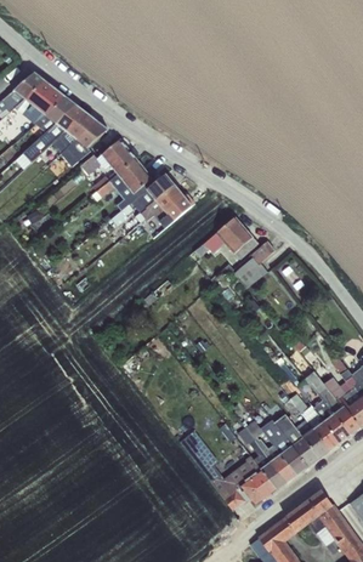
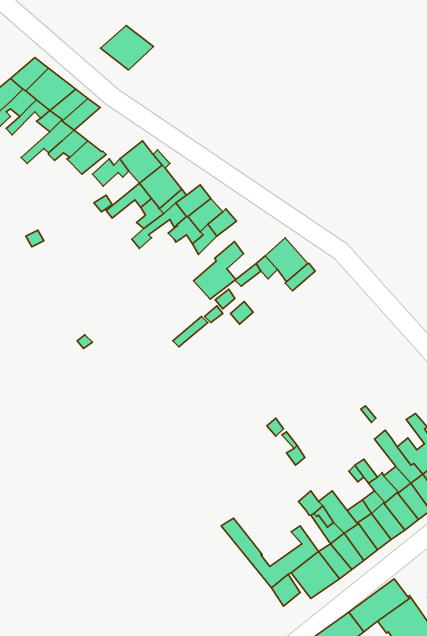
building: [67,112,109,147] -> [100,25,153,69]
building: [236,240,276,286] -> [193,242,243,299]

